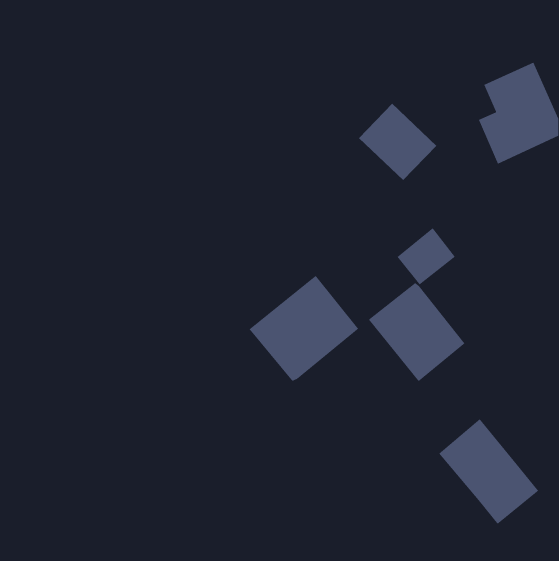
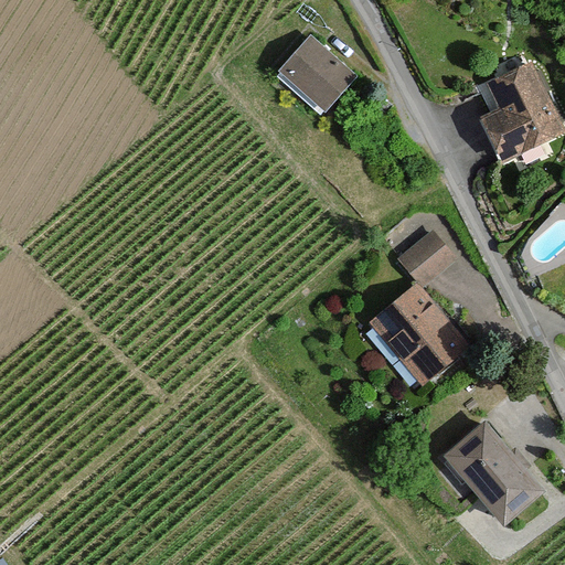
building: [358,103,437,181] -> [274,35,353,114]
building: [249,275,359,382] -> none

